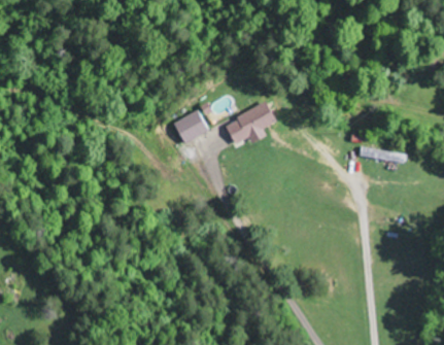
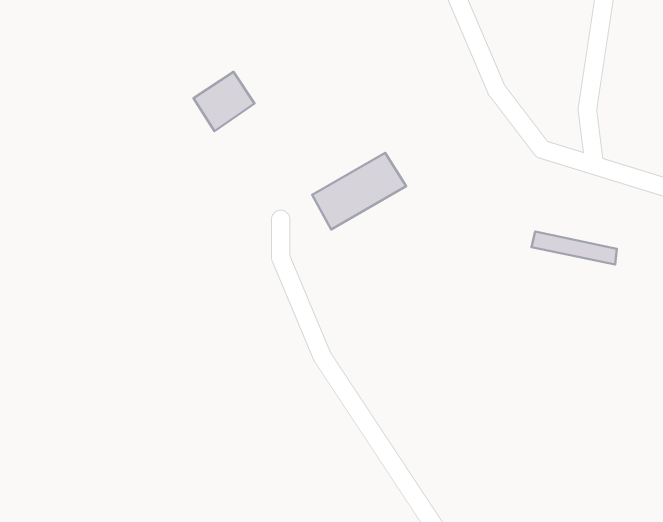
building: [173,109,209,144] -> [193,72,254,131]

